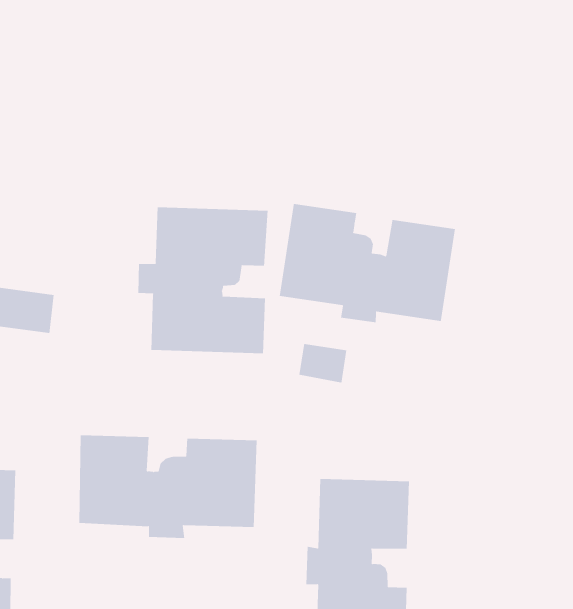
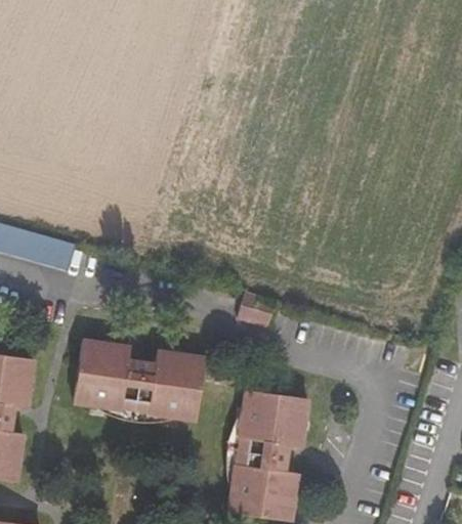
building: [279,203,455,323] -> none
building: [138,207,268,354] -> none

